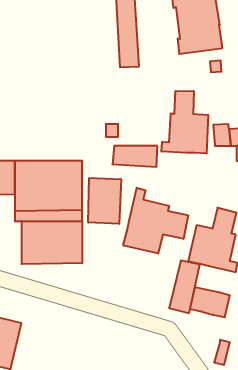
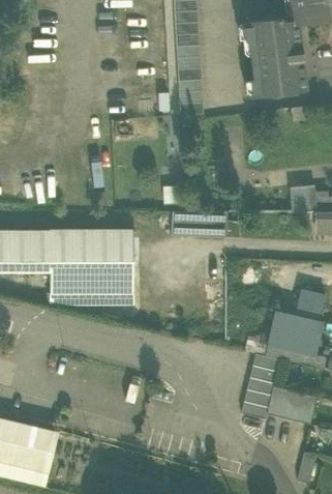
building: [161,91,208,154] -> none
building: [88,178,121,224] -> none
building: [123,188,188,254] -> none
building: [22,221,82,264] -> none

